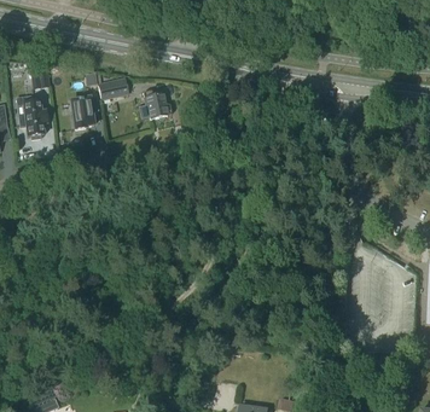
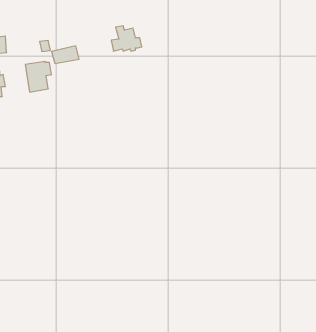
building: [138,89,172,117] -> [111,26,142,51]

